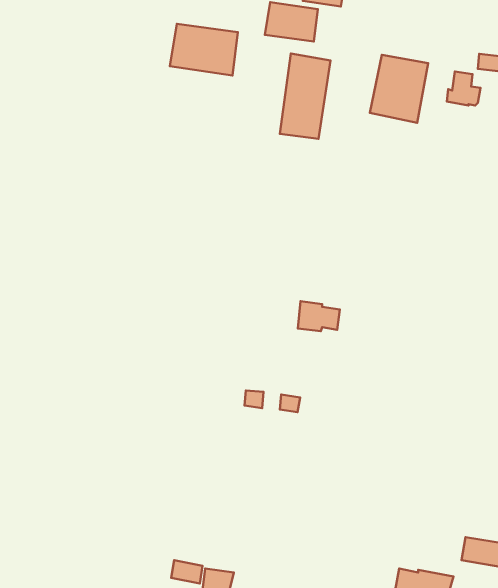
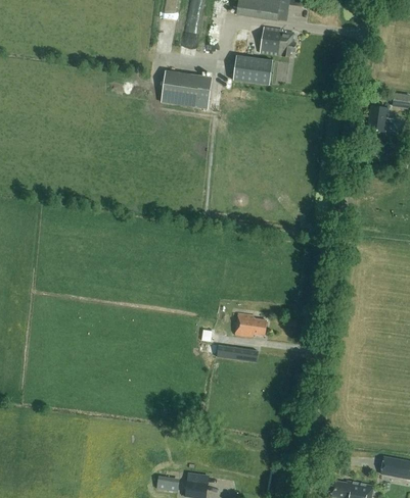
building: [280,54,330,139] -> none
building: [370,55,428,123] -> none
building: [298,301,340,331] -> [235,314,267,337]

